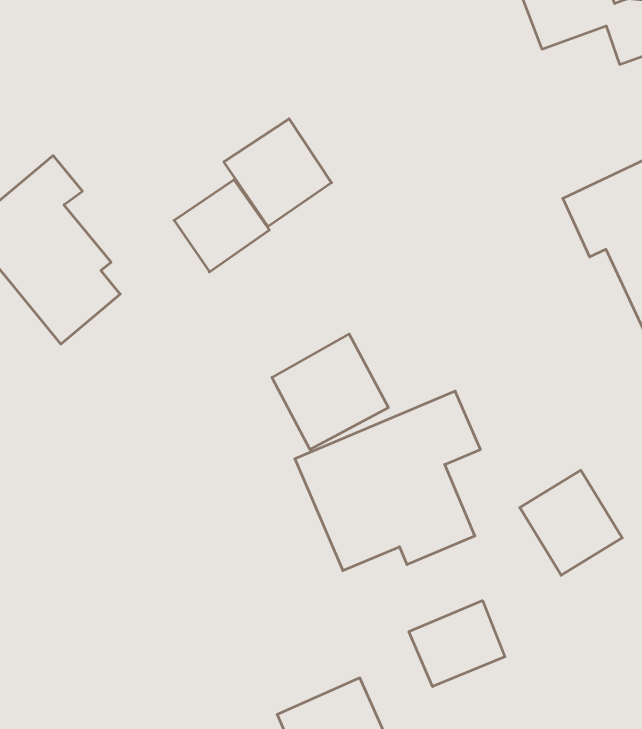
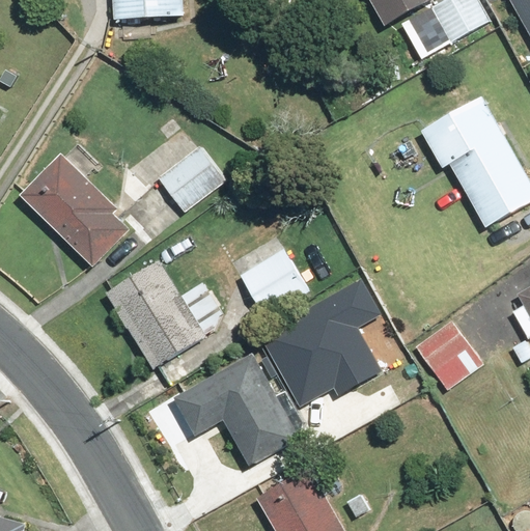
building: [224,119,332,226] -> none
building: none -> [105,260,224,367]
building: none -> [172,350,303,468]
building: [409,601,505,687] -> none

